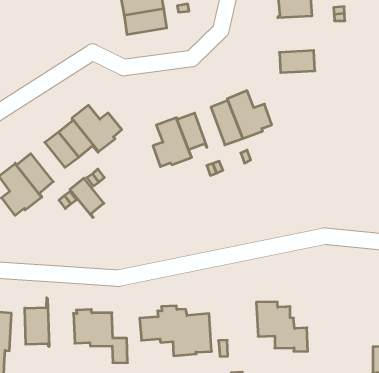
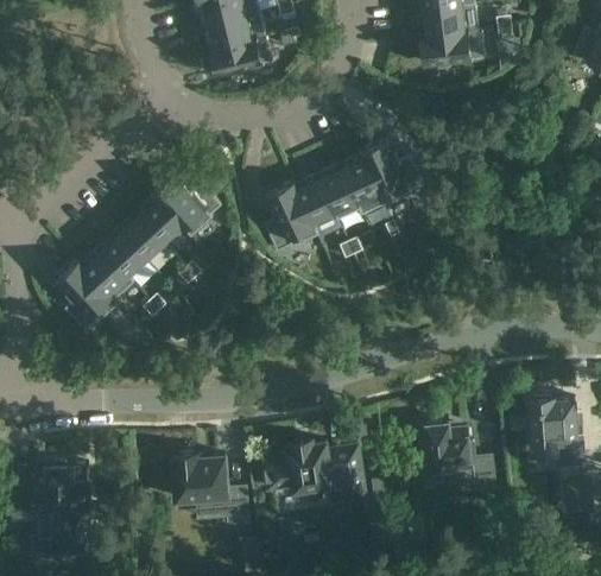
building: [279,50,315,73] -> [422,31,472,64]
building: none -> [318,165,362,220]
building: [70,178,104,217] -> [100,229,147,281]
building: none -> [532,393,584,466]
building: [25,298,49,347] -> none

